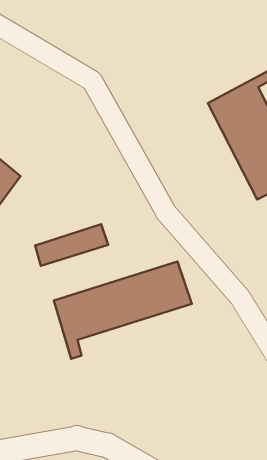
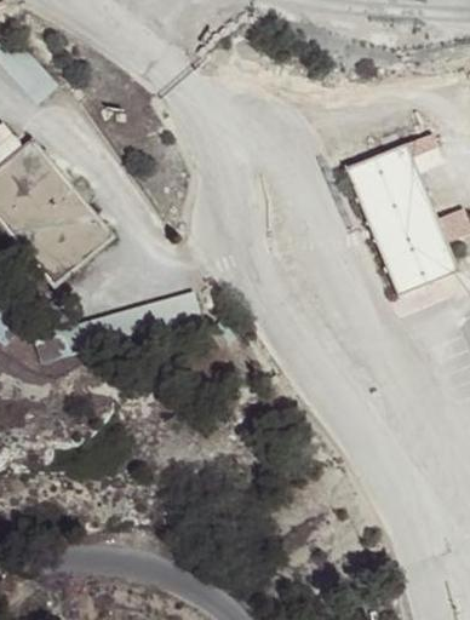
building: [54,262,192,359] -> none

